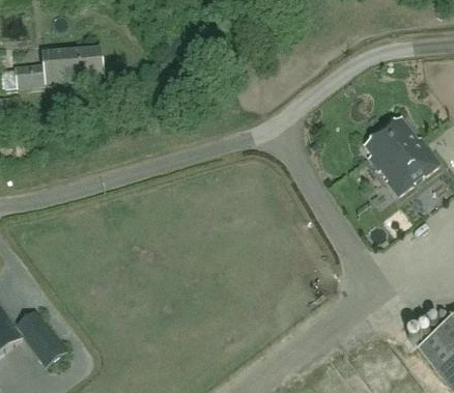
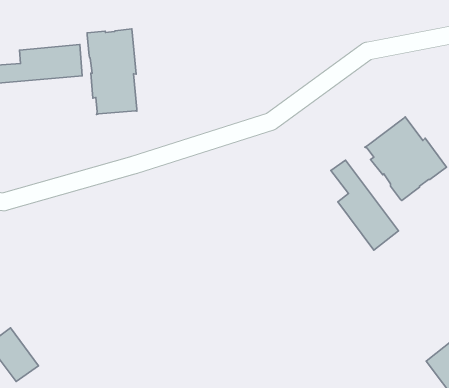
building: none -> [87,29,137,115]
building: none -> [331,160,399,250]

